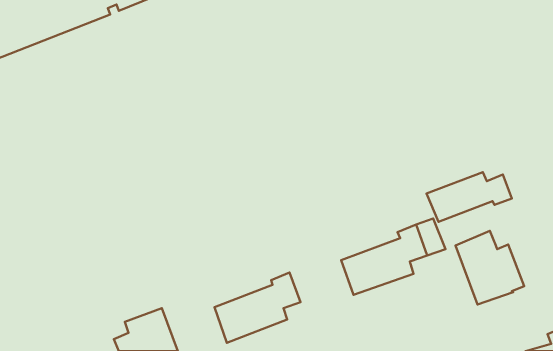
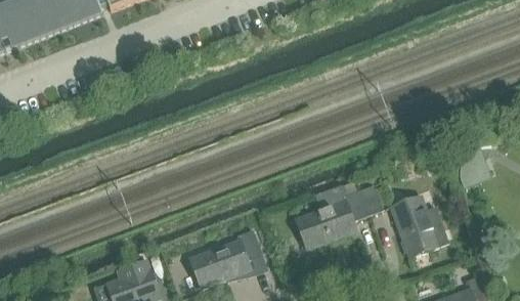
building: [426,172,512,222] -> none

